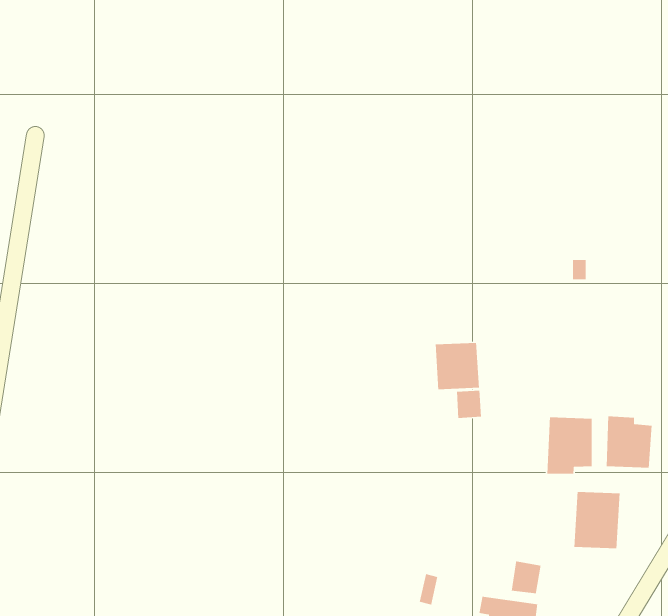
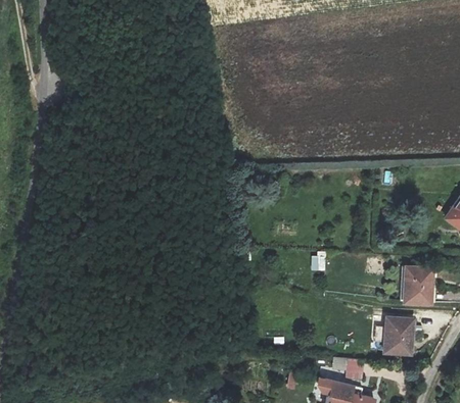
building: [435,342,480,390] -> none
building: [547,416,593,475] -> none

